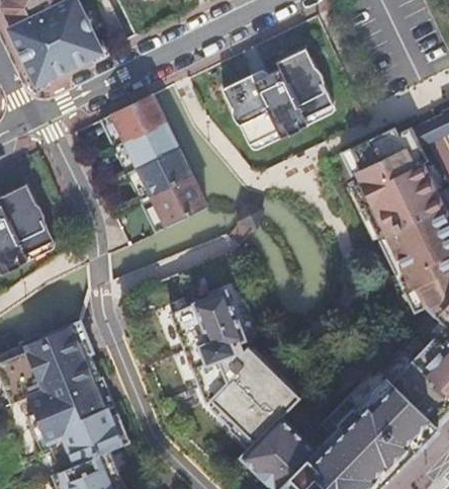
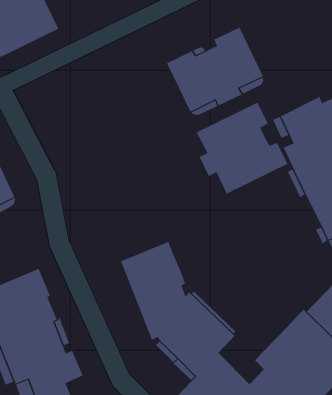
building: [103,94,208,232] -> none
building: none -> [196,102,288,194]

